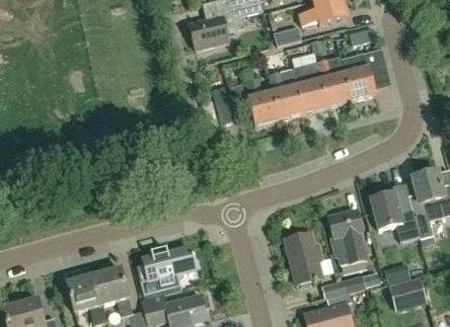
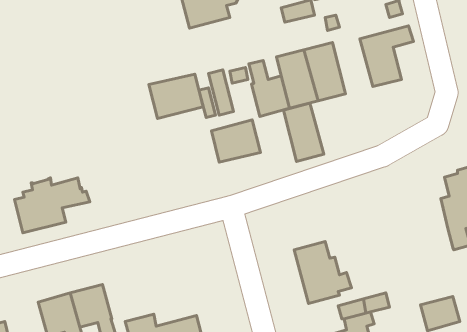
building: [316,56,351,105] -> [283,103,324,161]
building: none -> [149,74,203,119]
building: none -> [212,120,261,162]
building: [370,183,419,241] -> none
building: [328,209,367,262] -> none
building: [136,247,200,294] -> [15,178,90,233]

